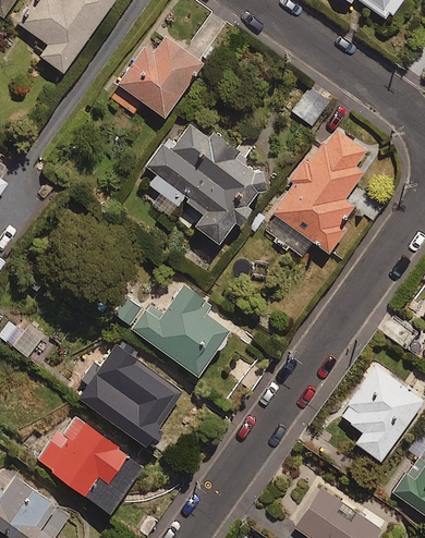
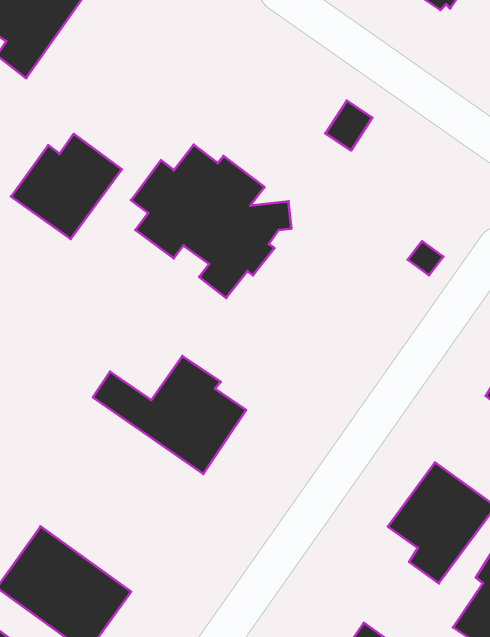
building: [118,37,203,118] -> [11,134,122,239]
building: [262,130,365,258] -> none
building: [78,346,182,445] -> none

